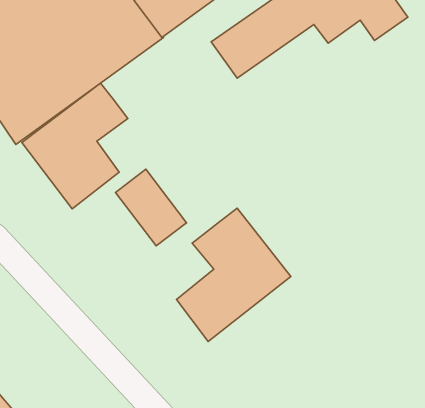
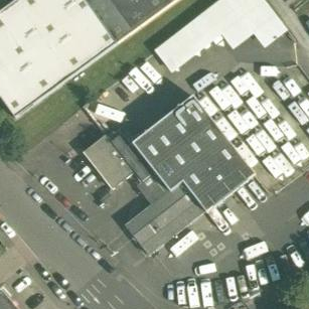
building: [22,83,128,209] -> none
building: none -> [133,95,254,209]

